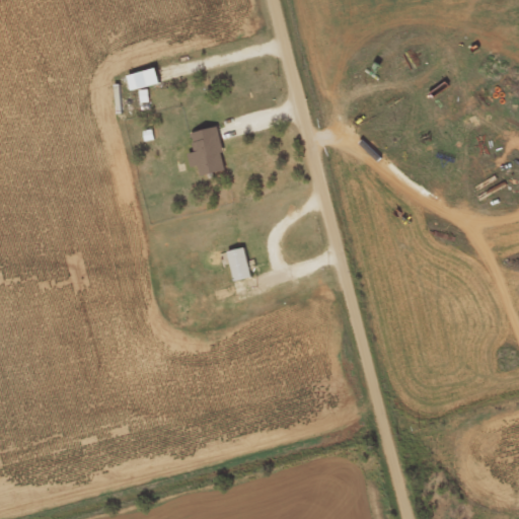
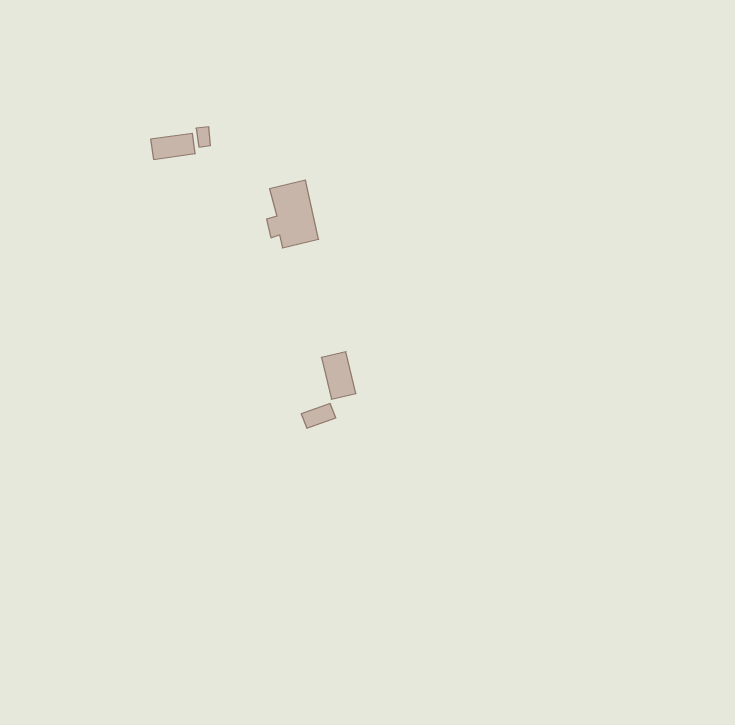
building: [127,70,158,88] -> [151,133,195,159]

